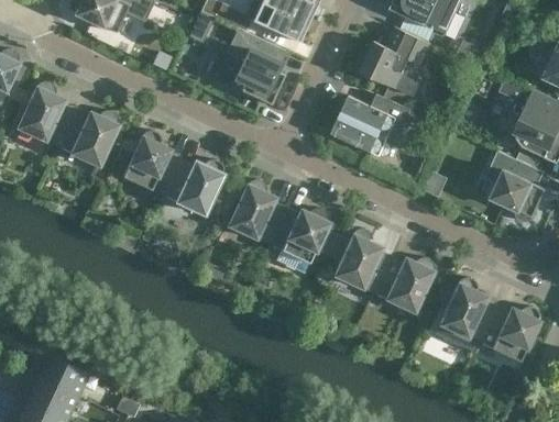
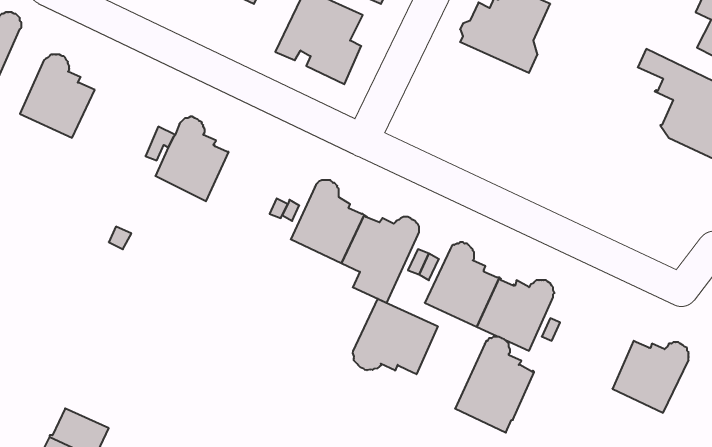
building: [332,95,428,157] -> none
building: [58,110,118,166] -> none
building: [486,151,547,222] -> none
building: [163,158,223,215] -> none
building: none -> [353,299,438,374]
building: [435,278,496,353] -> [455,337,534,433]

